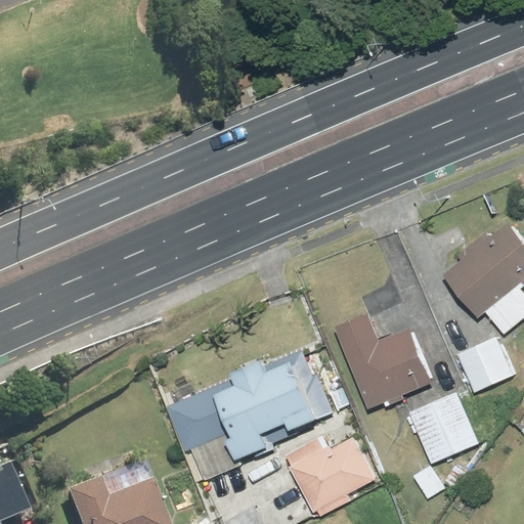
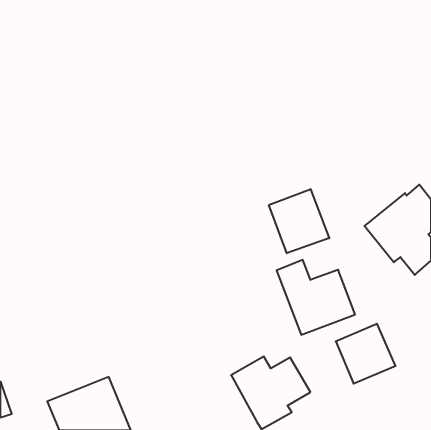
building: none -> [269,189,329,253]
building: [454,334,511,391] -> none
building: [168,349,336,479] -> none

